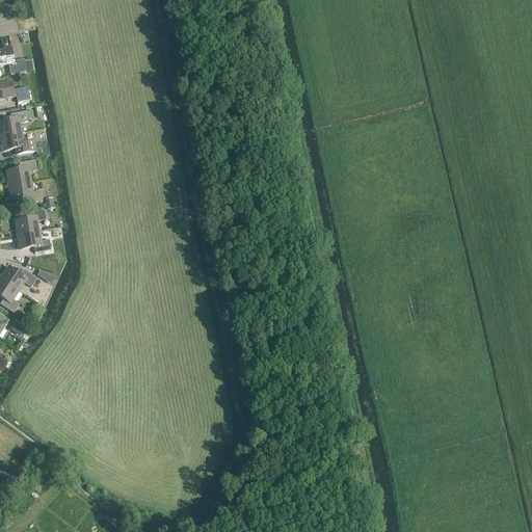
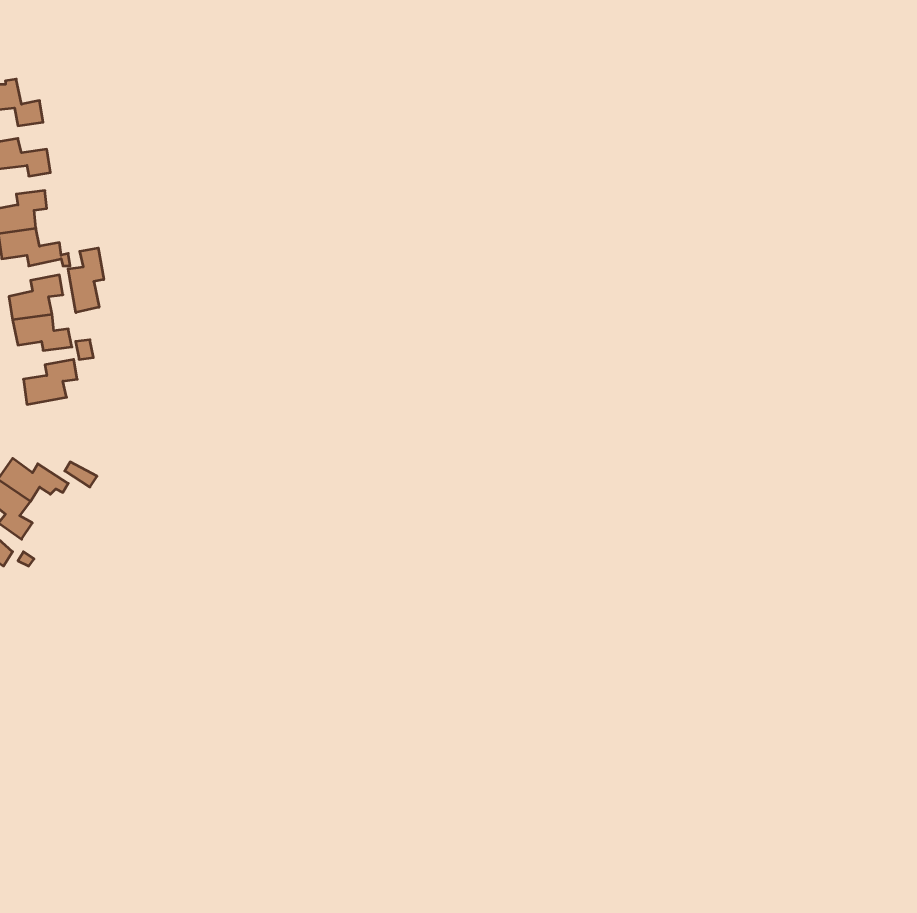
building: none -> [68,248,104,313]
building: [16,230,50,252] -> none

